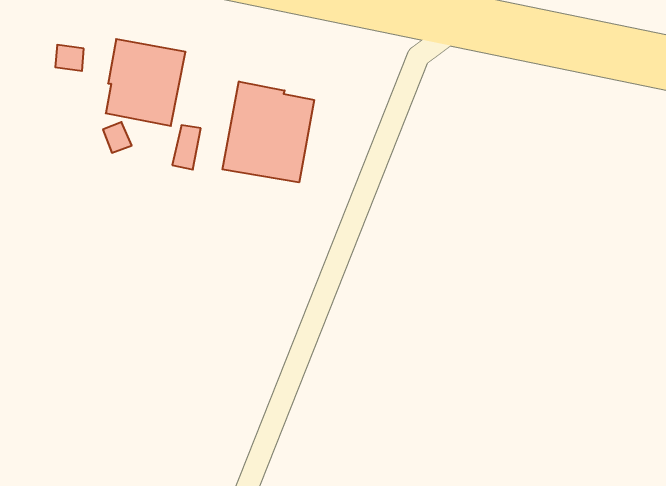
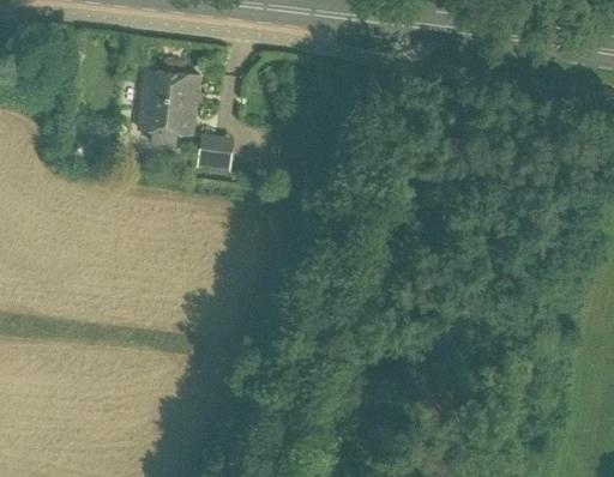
building: [222,81,314,182] -> none

